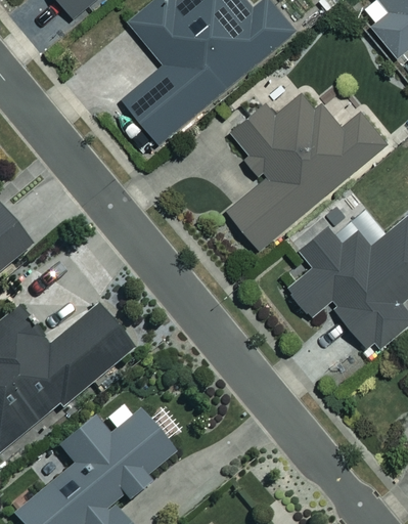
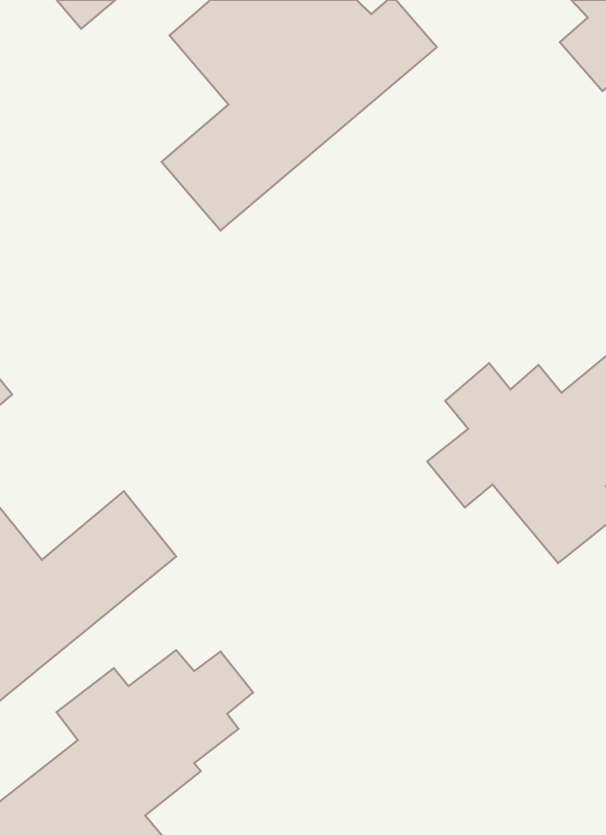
building: [227,90,390,250] -> none

